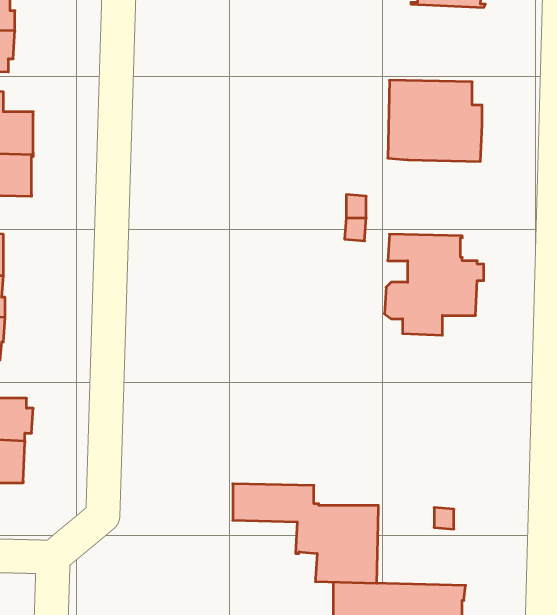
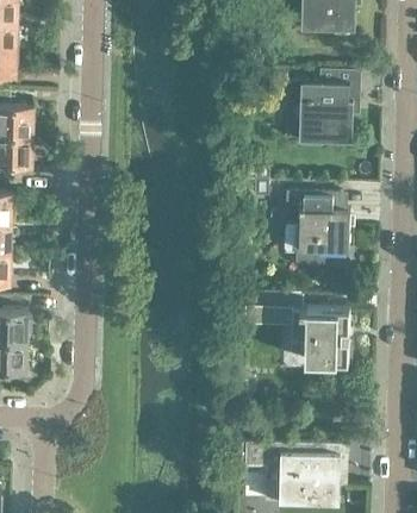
building: [233,484,378,583] -> [245,294,350,365]

